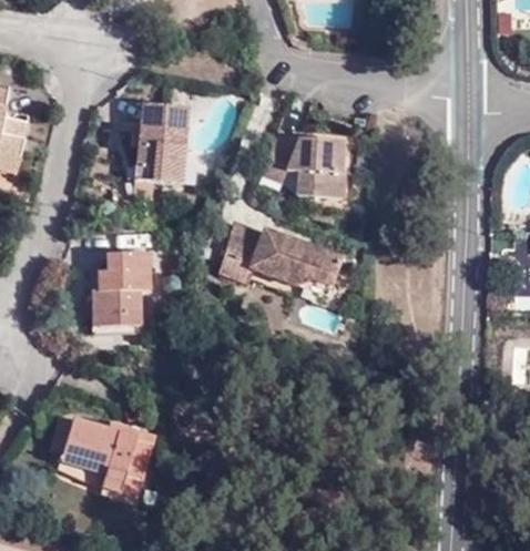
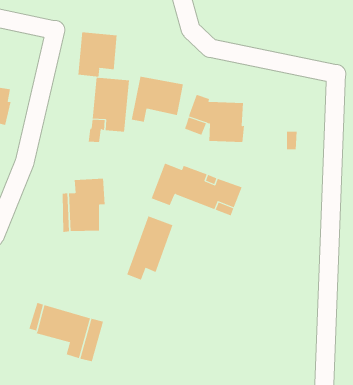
building: none -> [78,32,117,77]
building: none -> [131,76,184,123]
building: none -> [126,216,173,280]

